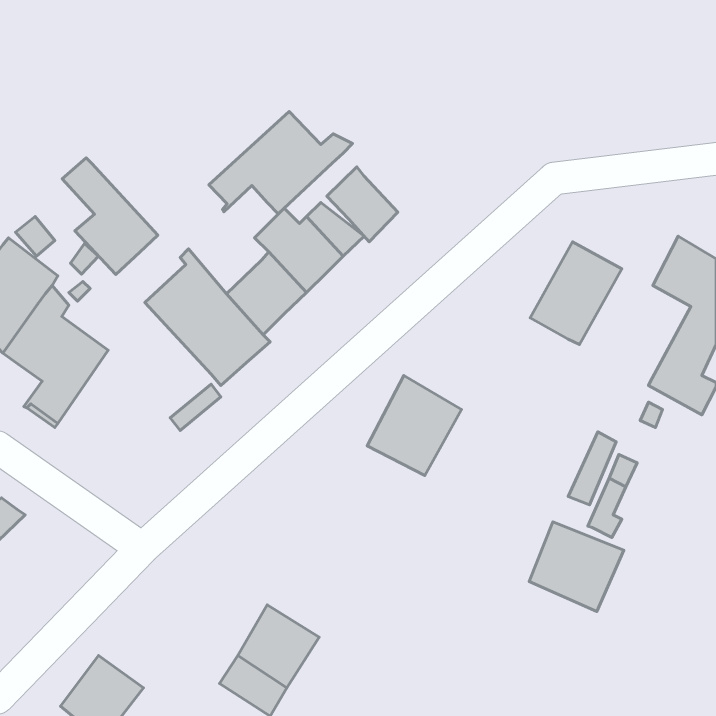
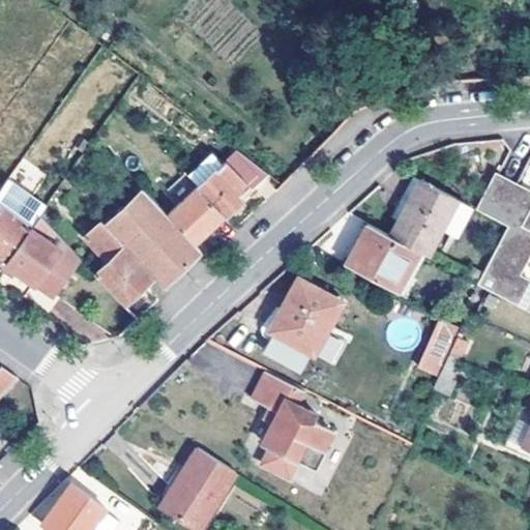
building: [209,111,352,214] -> none
building: [62,158,158,275] -> [85,220,155,306]
building: [327,167,398,242] -> none
building: none -> [345,224,418,292]
building: none -> [252,369,331,474]
building: [529,522,624,612] -> none

